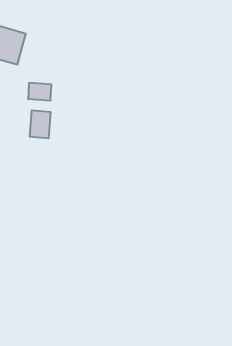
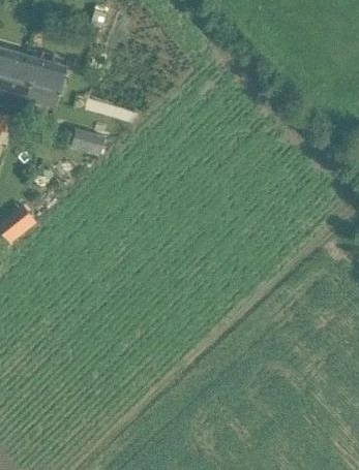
building: [30,110,51,138] -> none

